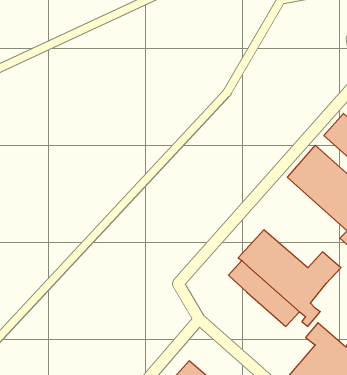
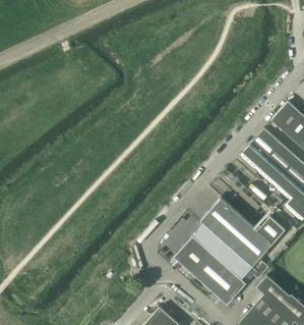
building: none -> [173,235,246,305]

